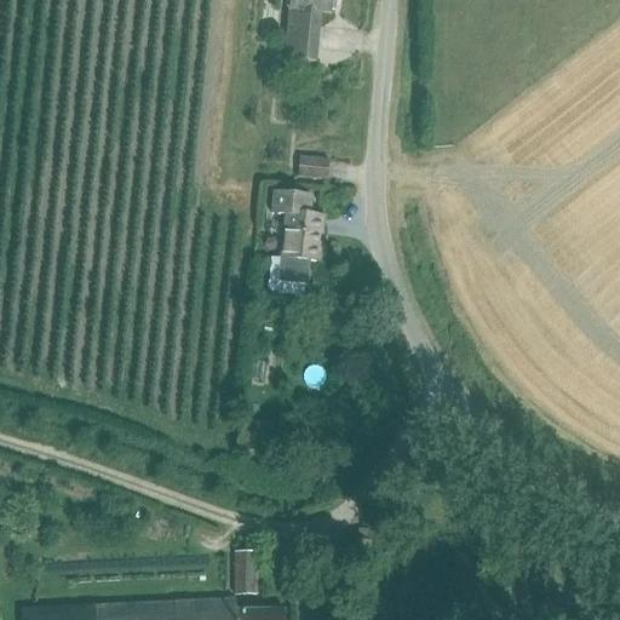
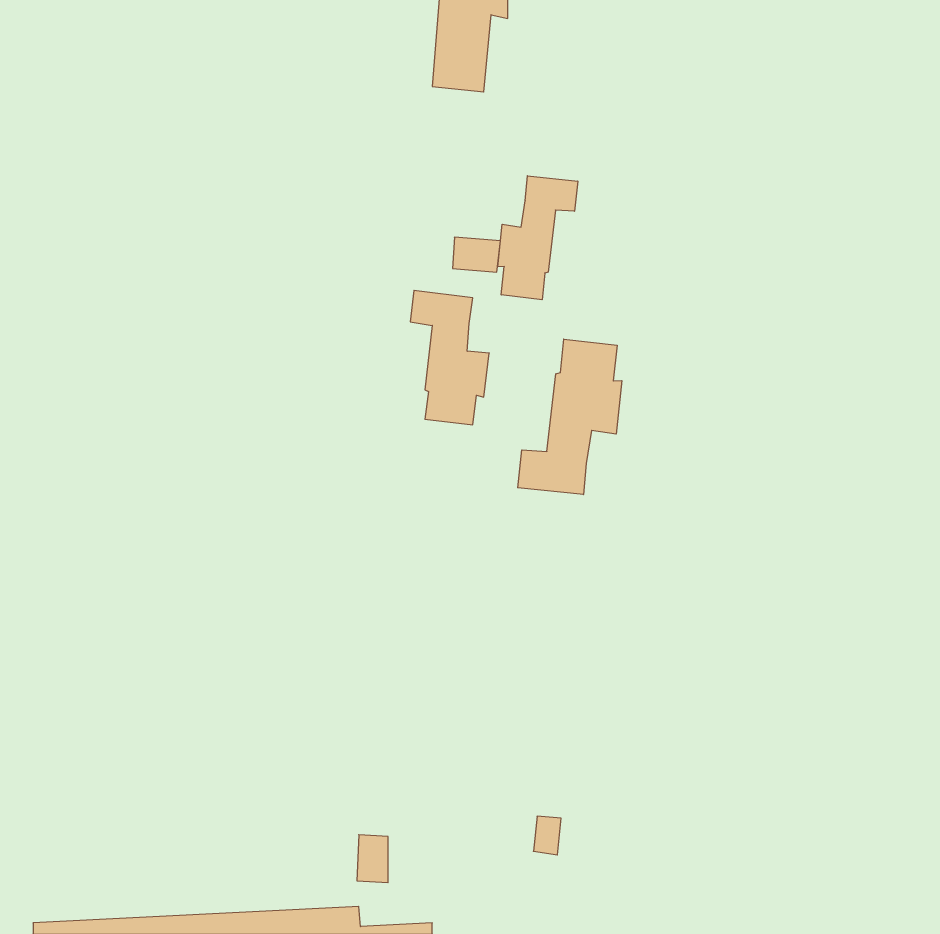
building: none -> [498,176,578,300]
building: none -> [518,339,622,495]

